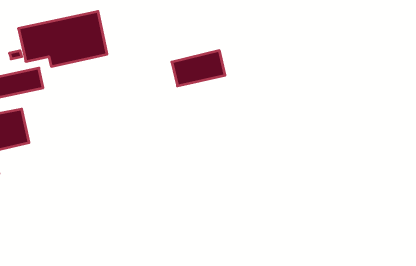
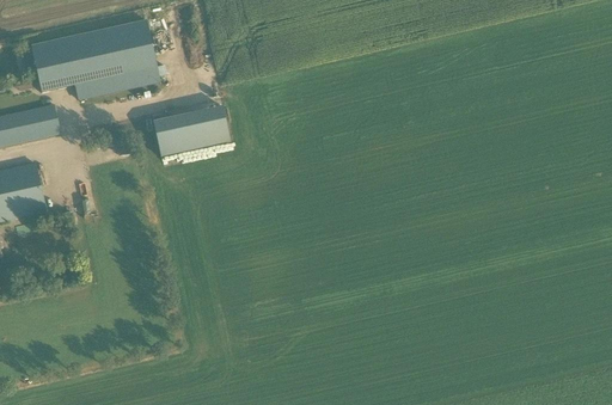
building: [172,51,225,86] -> [152,105,230,157]

